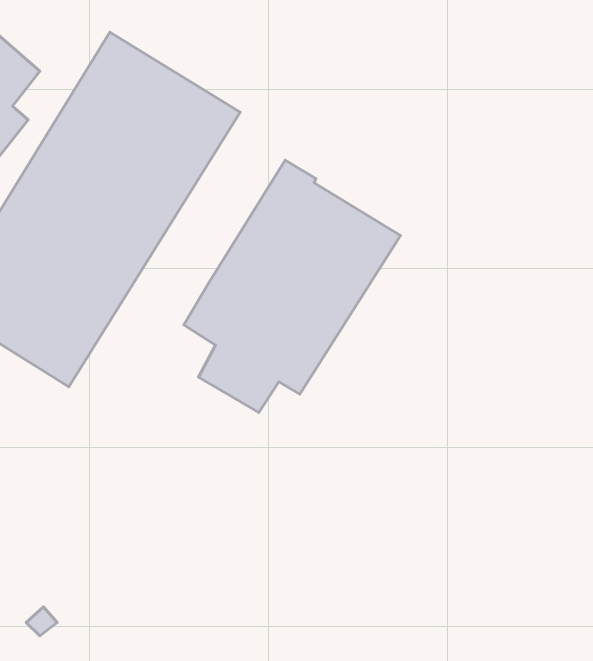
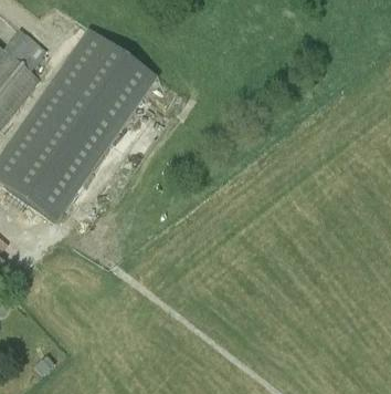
building: [184,160,400,413] -> none

